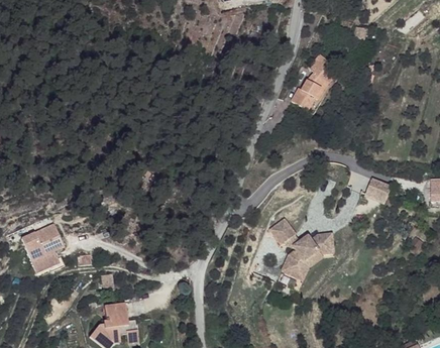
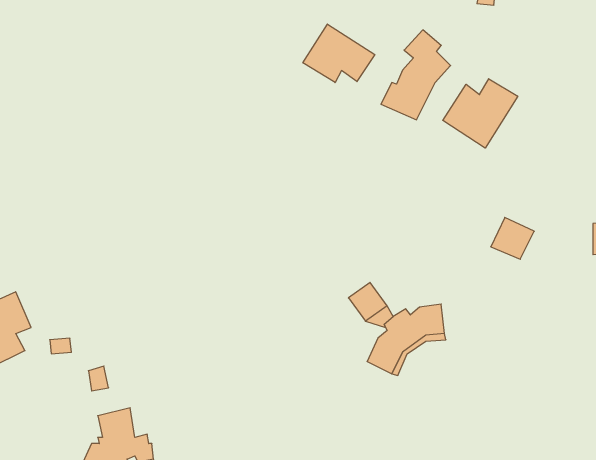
building: none -> [303,24,375,83]
building: none -> [443,79,518,148]

